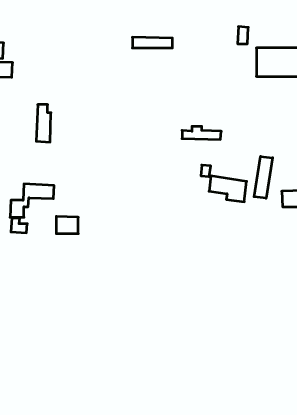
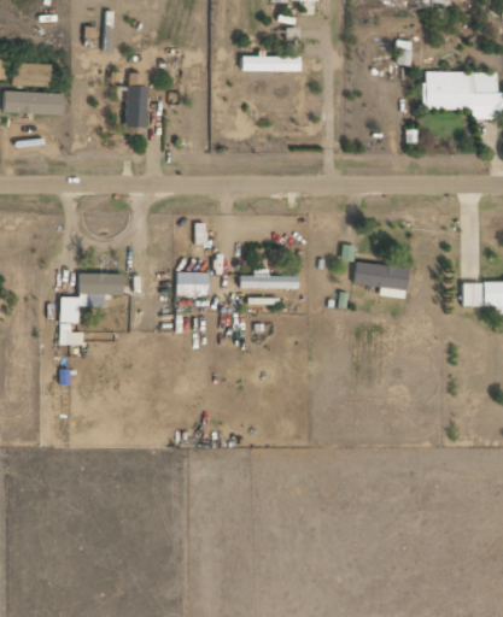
building: [36,105,51,142] -> [125,74,147,129]
building: [182,126,221,139] -> [240,269,298,288]
building: [254,156,273,198] -> none
building: [56,216,78,234] -> [176,271,209,296]

